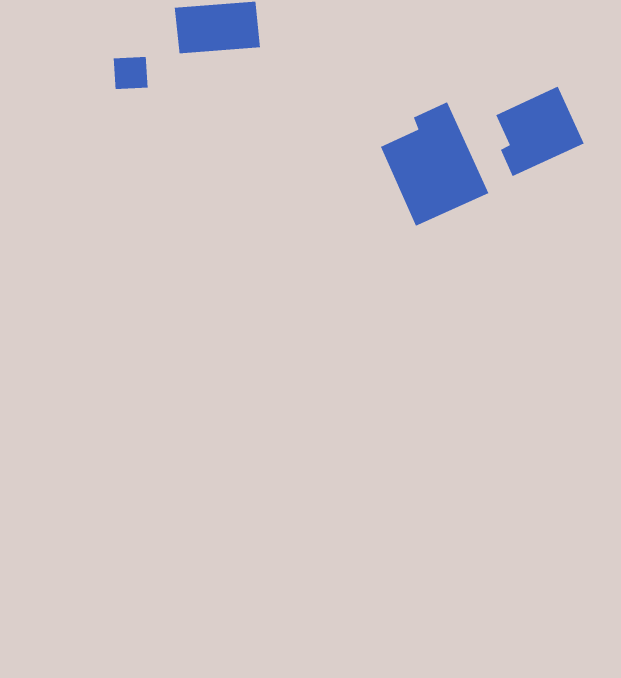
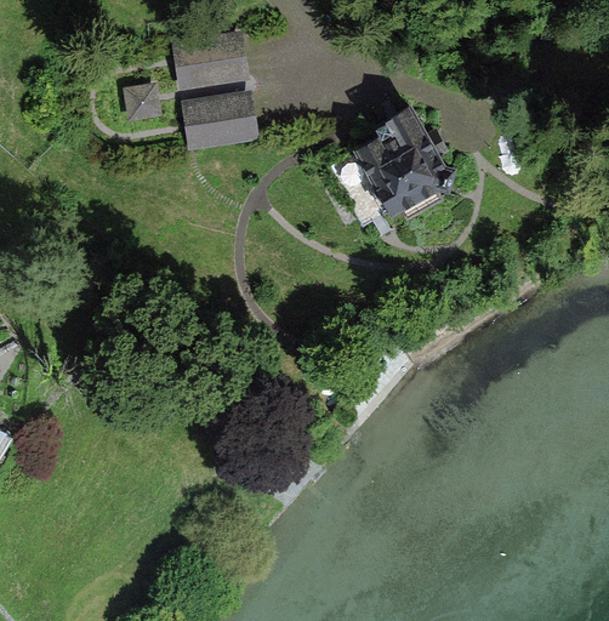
building: none -> [183,97,257,147]
building: [495,86,585,177] -> none

